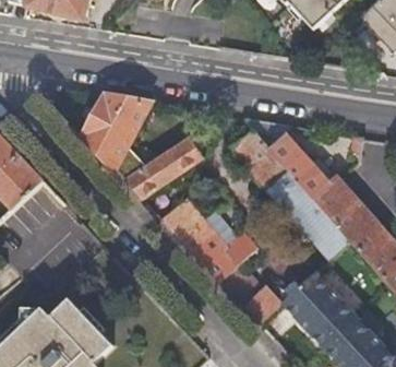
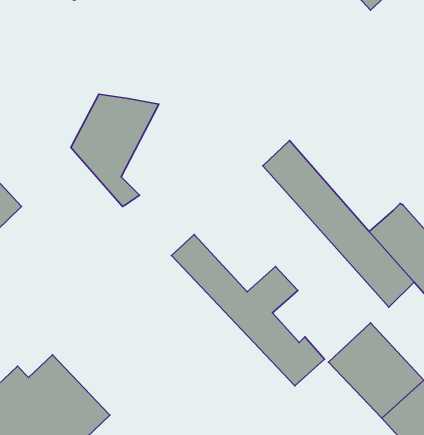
building: [248,117,333,200] -> none
building: [124,135,204,199] -> none

